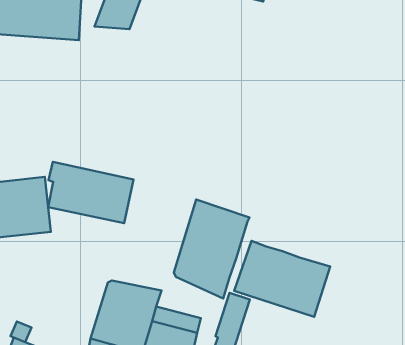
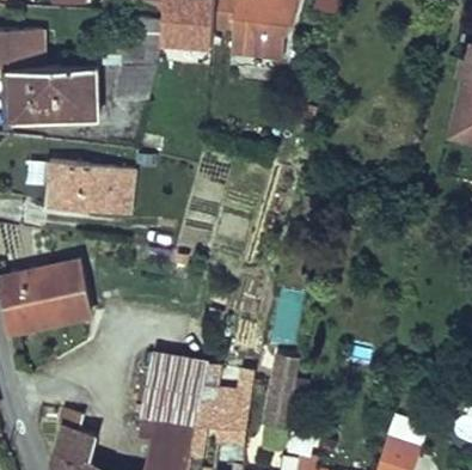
building: [48,162,133,223] -> [47,160,133,215]
building: [174,200,250,298] -> none
building: [234,241,330,317] -> none

